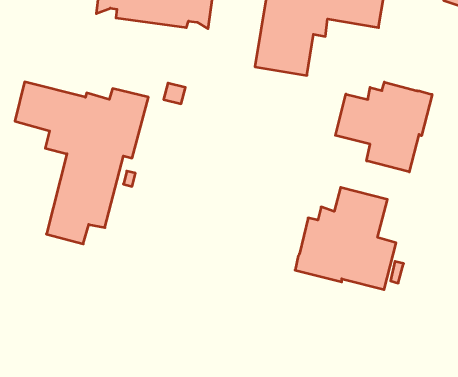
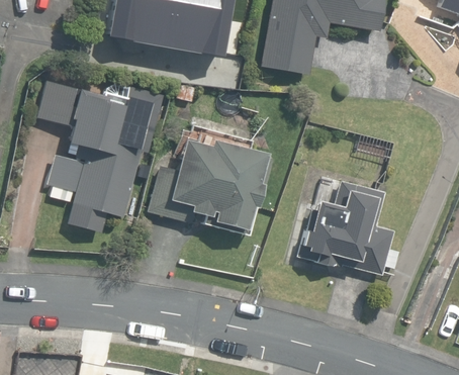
building: [335,82,432,172] -> none
building: none -> [149,138,266,235]

